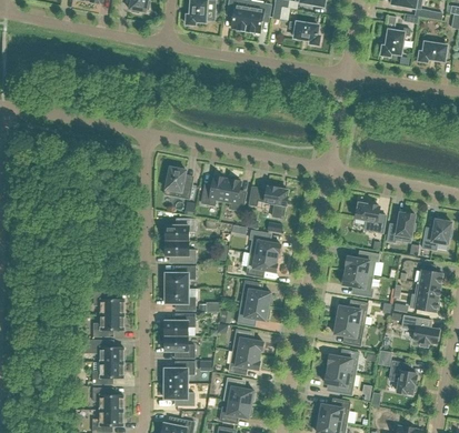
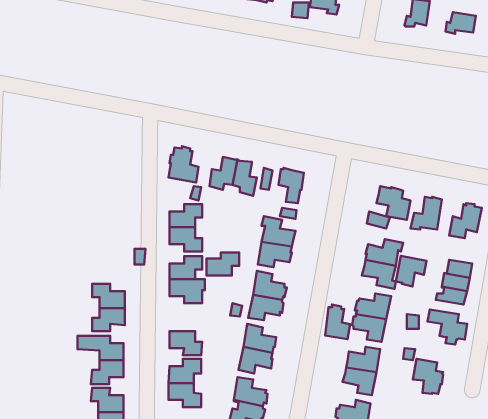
building: none -> [396,256,426,287]
building: none -> [325,305,350,339]
building: [164,314,194,335] -> [206,253,239,276]

